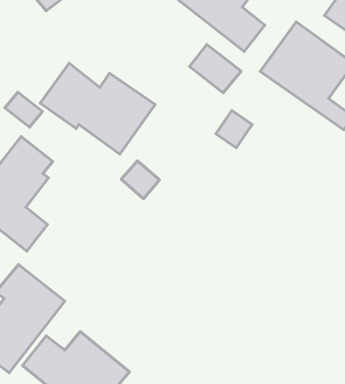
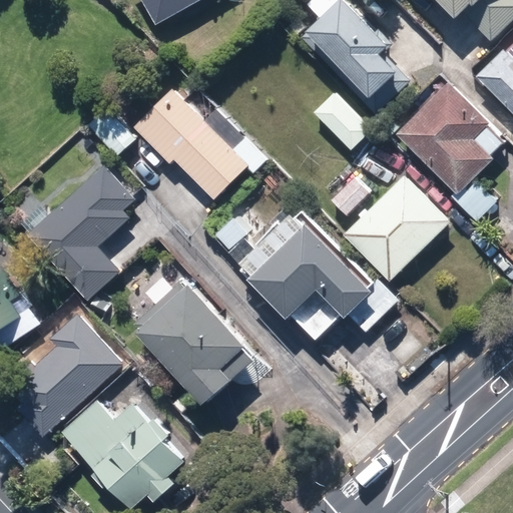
building: none -> [345,176,449,281]
building: none -> [236,208,401,342]
building: none -> [133,279,245,402]

